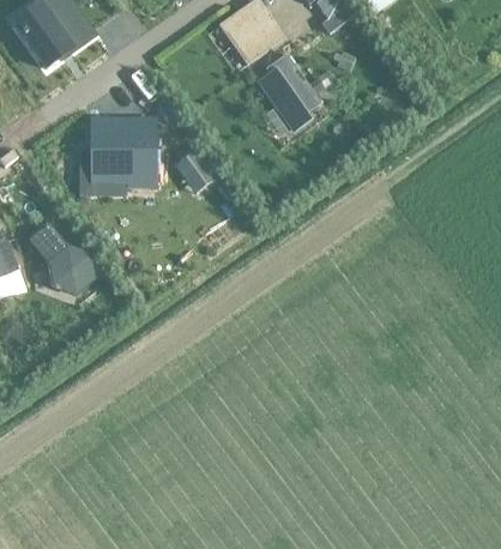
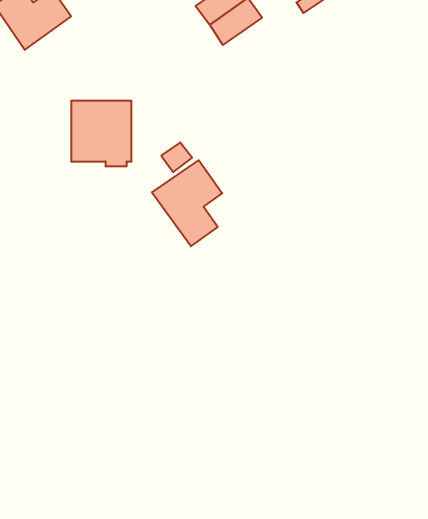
building: [259,53,320,128] -> none
building: none -> [152,160,222,246]
building: [30,225,92,296] -> none

